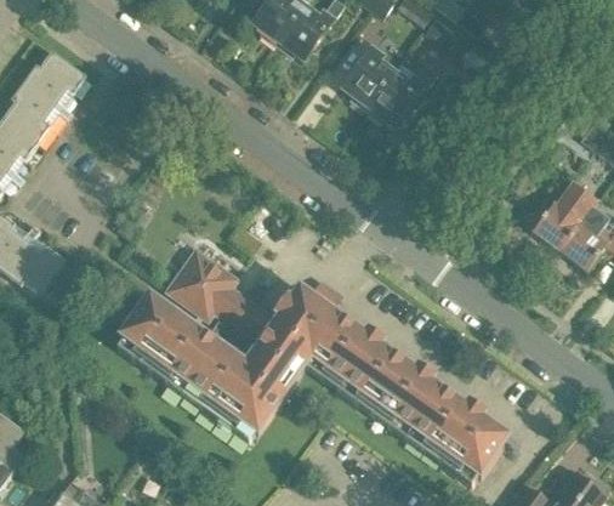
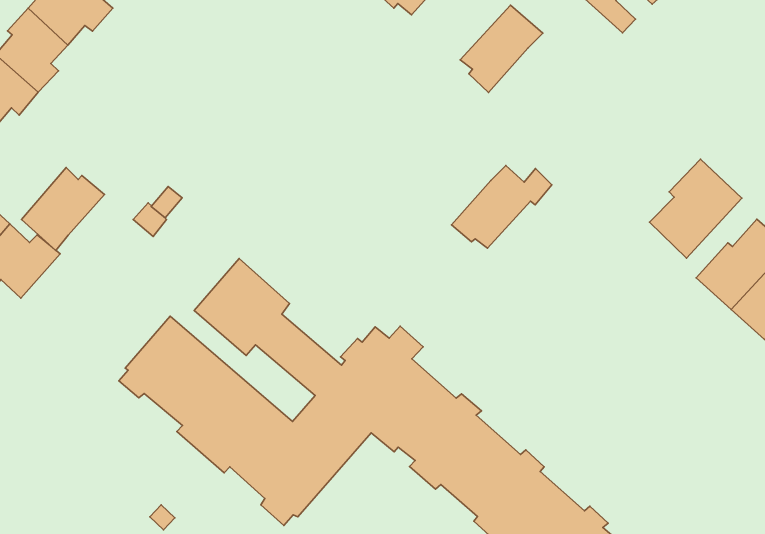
building: [365,61,436,123] -> [452,165,552,248]
building: none -> [649,159,742,258]
building: none -> [21,167,105,250]

